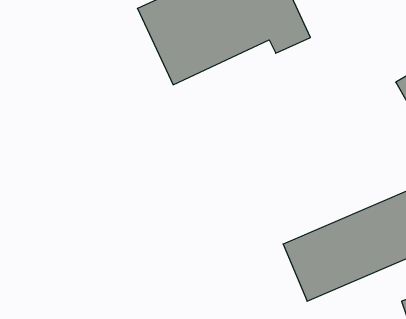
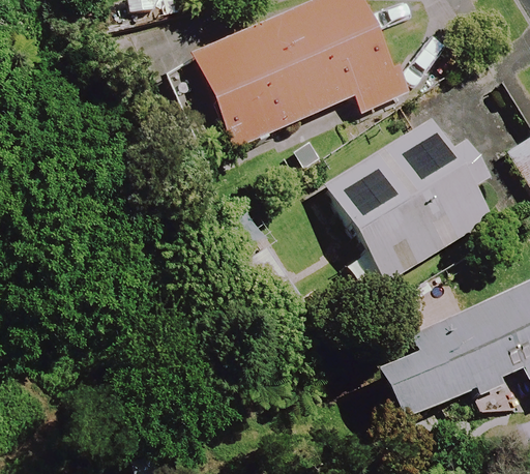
building: none -> [327,108,494,282]

